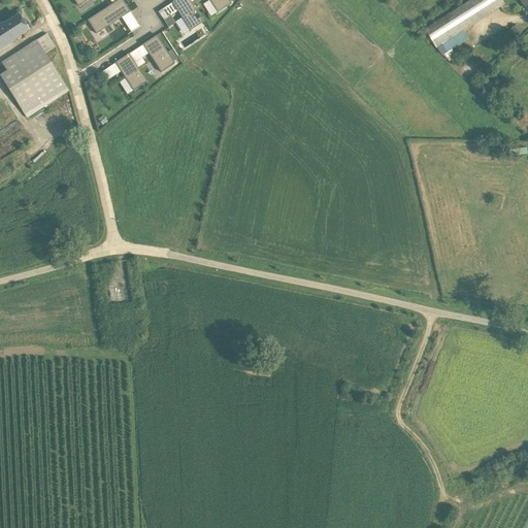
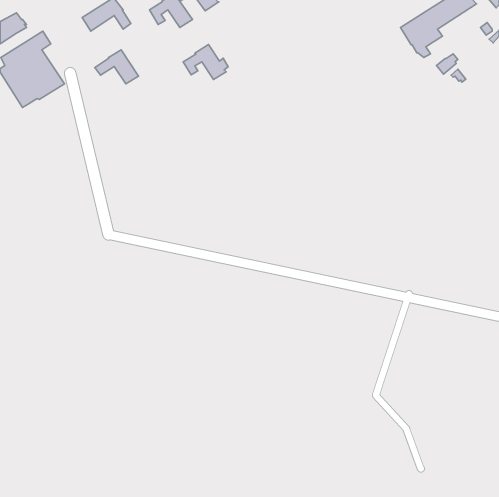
building: [129,34,176,71] -> [183,44,228,80]

